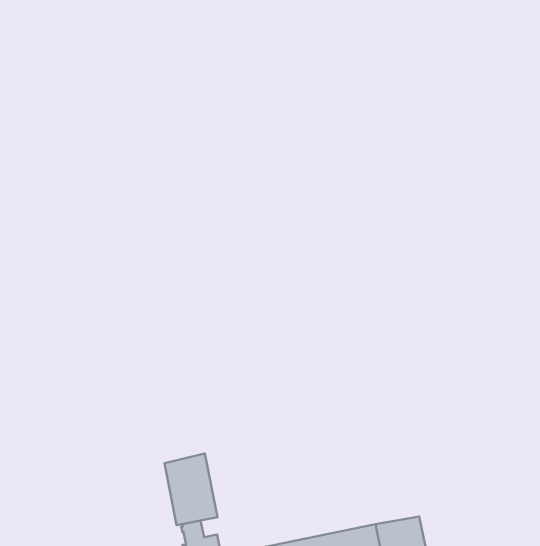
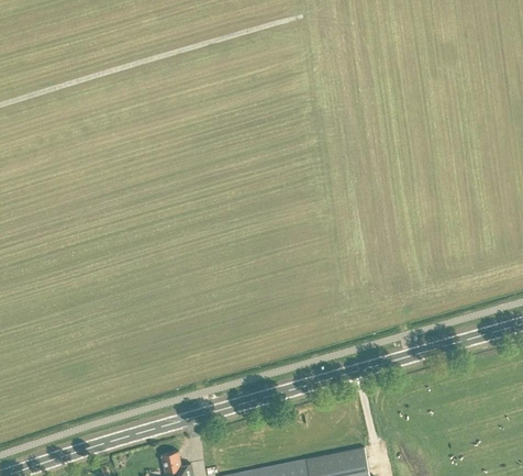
building: [164,454,217,525] -> none

